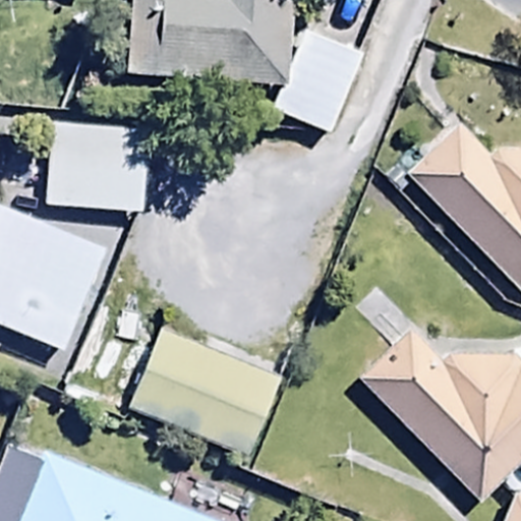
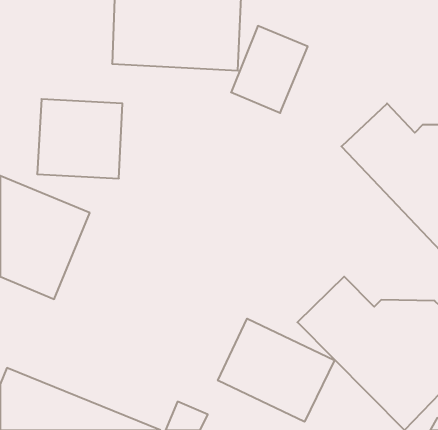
building: [129,317,290,463] -> none
building: none -> [218,319,335,422]

